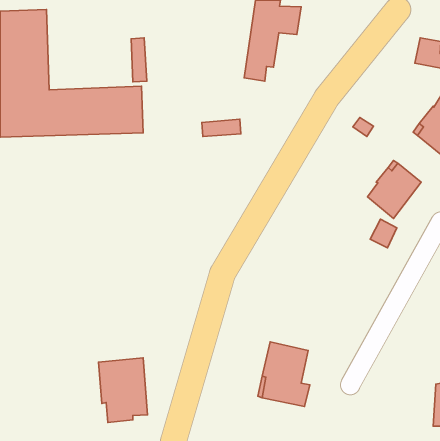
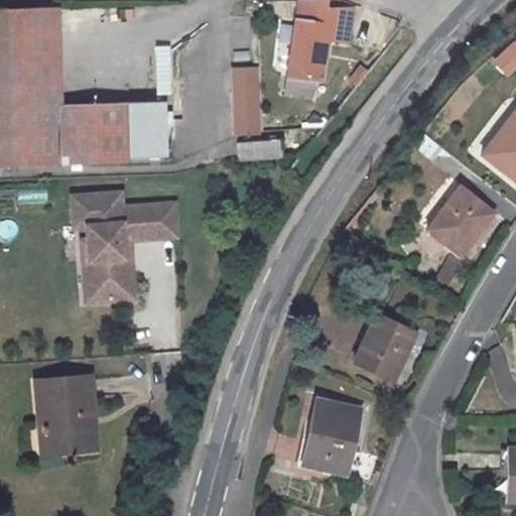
building: none -> [229,67,260,137]
building: none -> [68,186,179,308]
building: none -> [354,313,416,380]
building: [98,358,148,422] -> [37,376,95,452]

